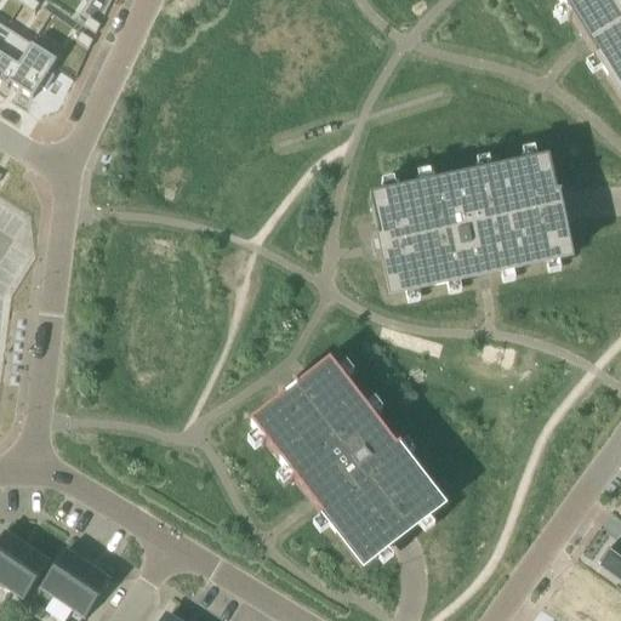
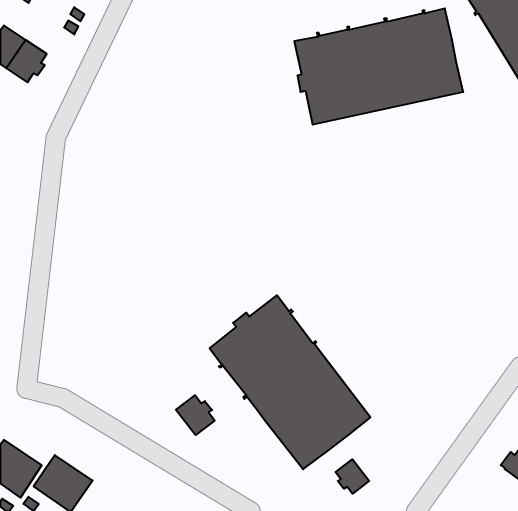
building: [369,154,570,292] -> [294,8,463,125]
building: none -> [176,395,215,435]
building: none -> [336,459,369,494]

